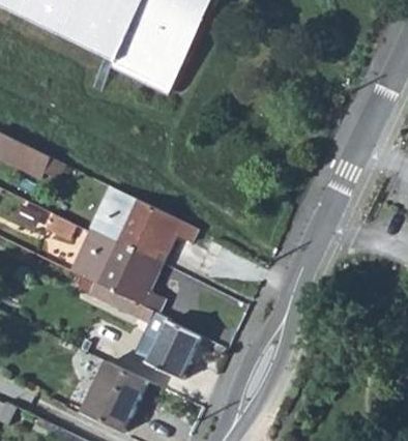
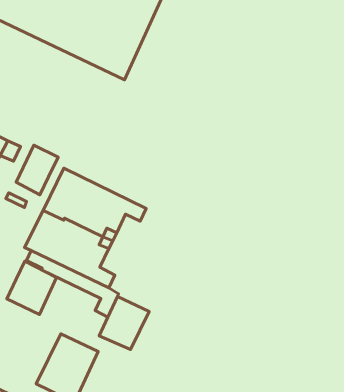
building: none -> [16,145,58,195]
building: none -> [7,261,56,314]

